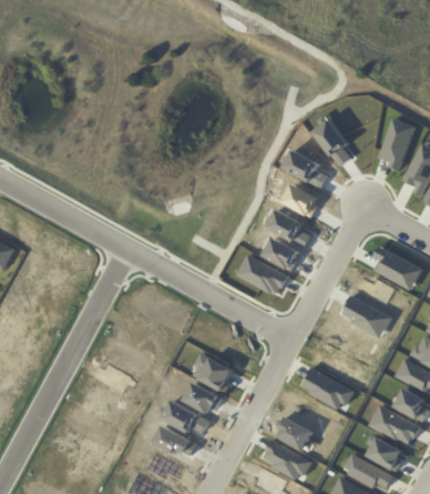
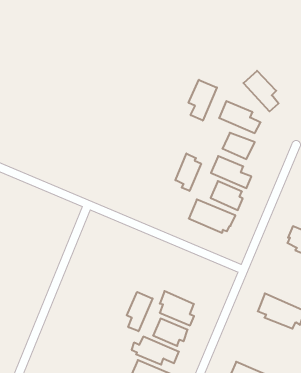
building: none -> [189,80,217,121]
building: none -> [175,153,201,191]
building: none -> [127,292,153,331]
building: [279,416,315,451] -> none

